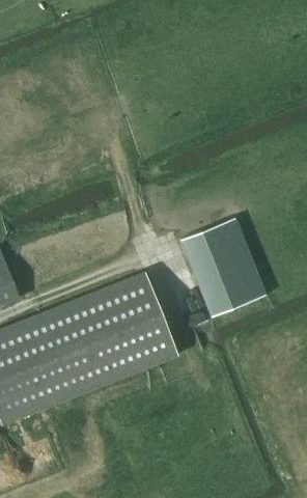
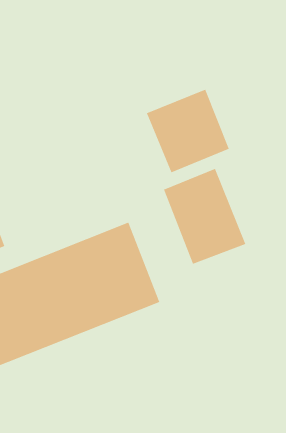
building: none -> [146,89,229,173]

